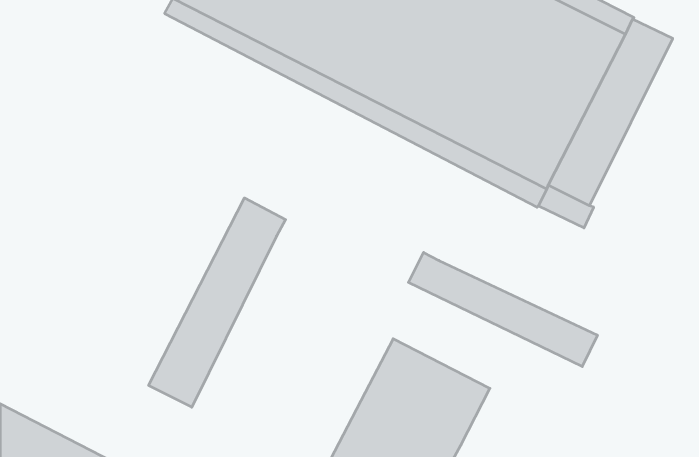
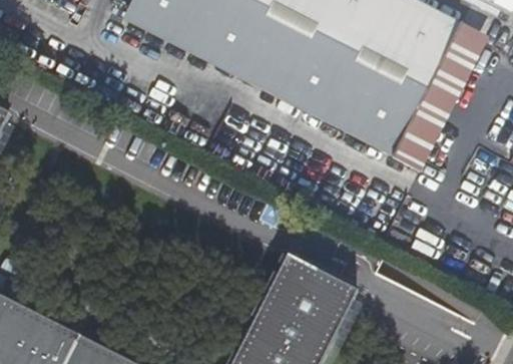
building: [149,198,286,407] -> none
building: [408,252,597,367] -> none

